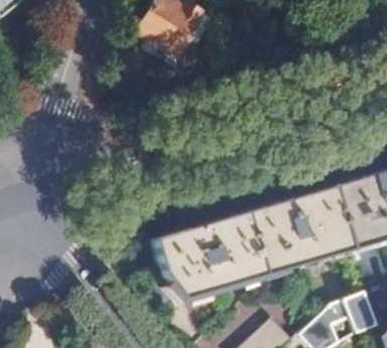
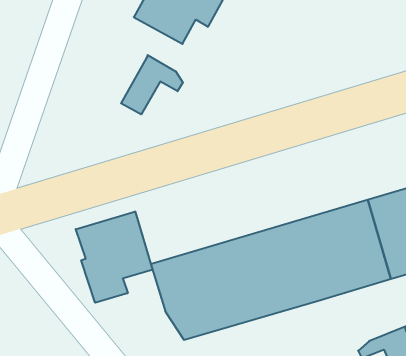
building: none -> [121,55,183,114]
building: none -> [76,211,152,303]

